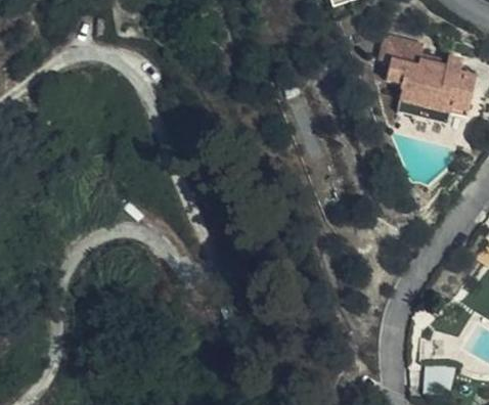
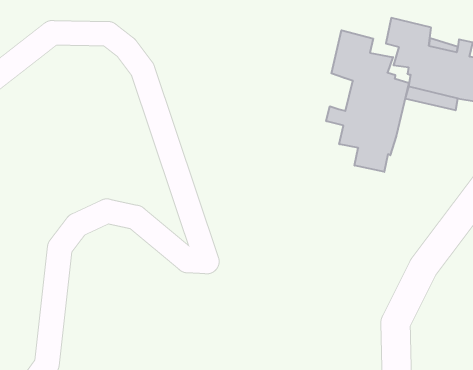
building: none -> [326,30,409,172]

